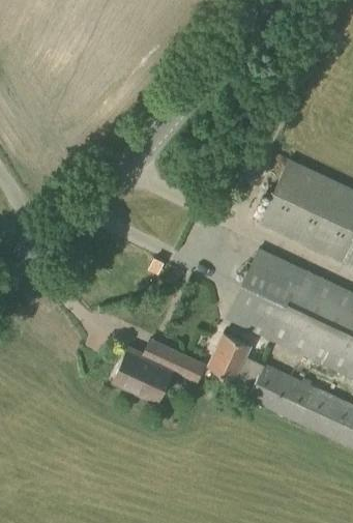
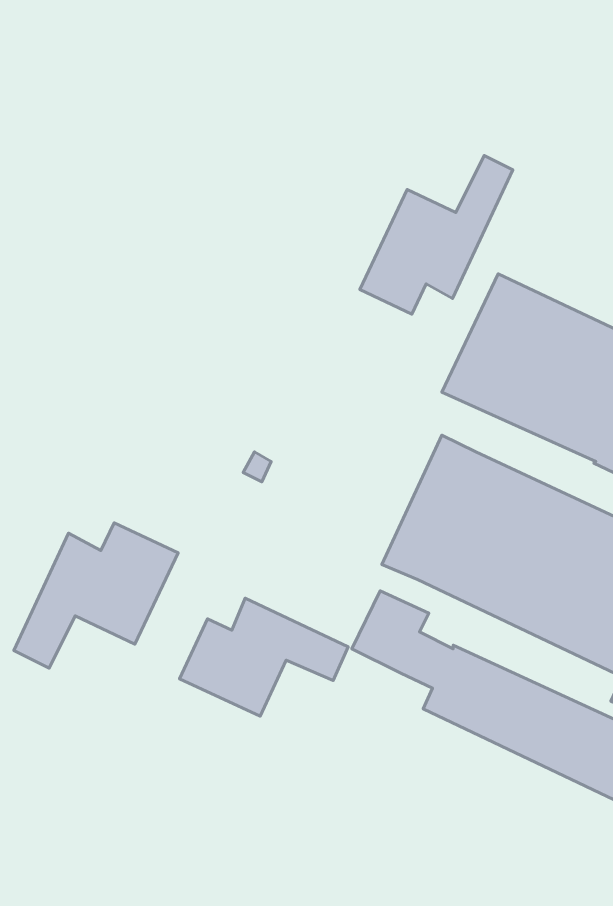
building: none -> [360,155,513,314]
building: none -> [14,523,178,668]

